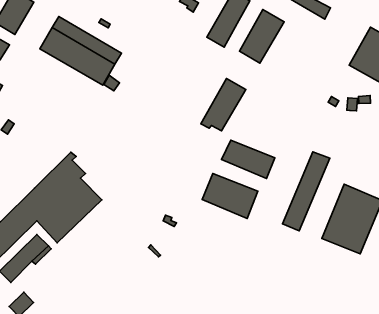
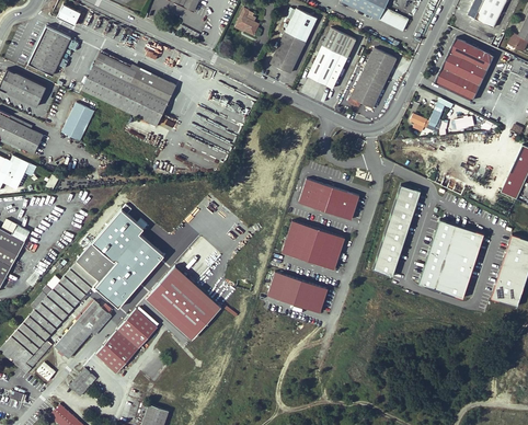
building: none -> [62,103,94,141]
building: [201,78,246,131] -> [348,47,397,107]
building: none -> [144,263,220,338]
building: none -> [268,271,328,311]
building: none -> [96,308,158,372]

